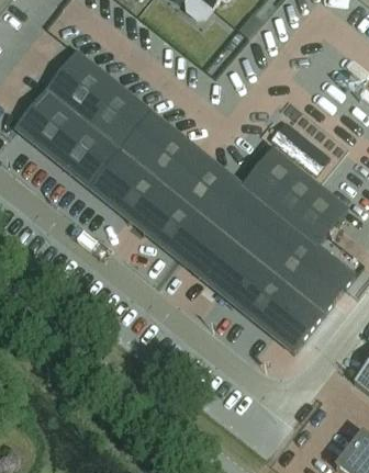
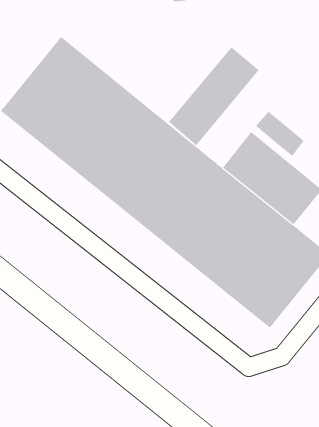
building: none -> [168,46,260,146]

